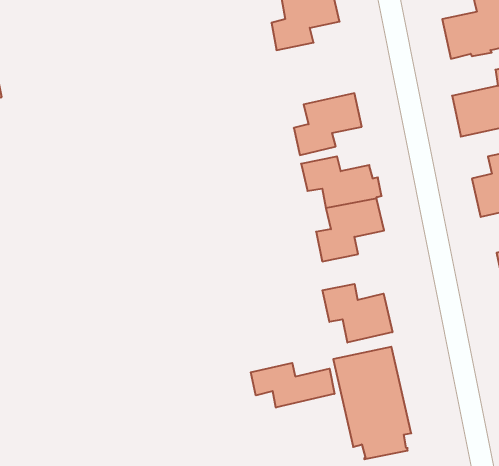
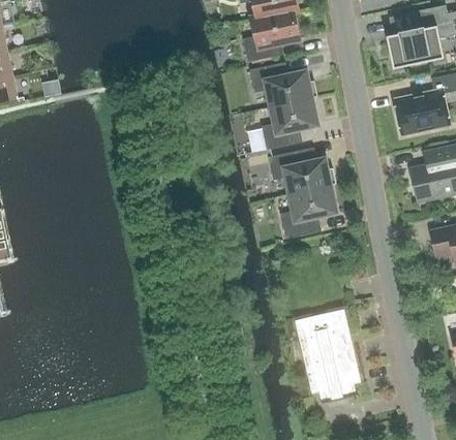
building: none -> [249,64,316,107]
building: [322,284,392,343] -> none
building: [251,363,334,408] -> none

